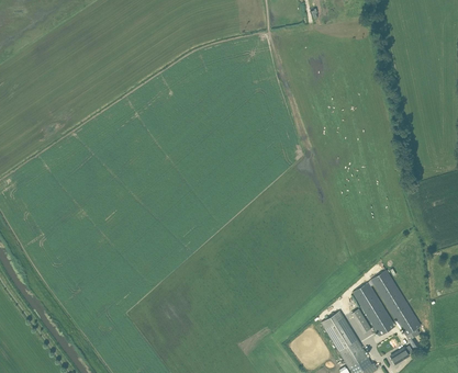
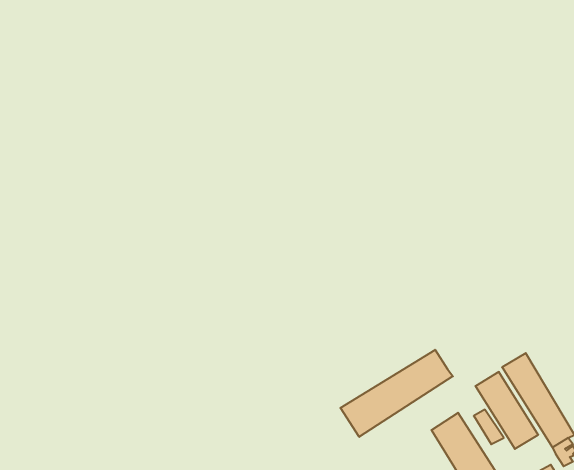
building: none -> [340,350,453,437]

